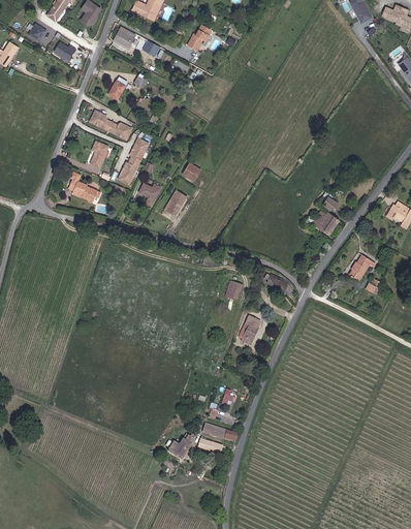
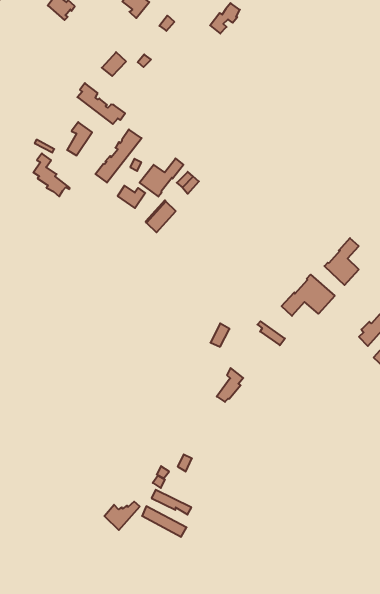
building: none -> [140,158,183,197]
building: none -> [282,275,335,316]

